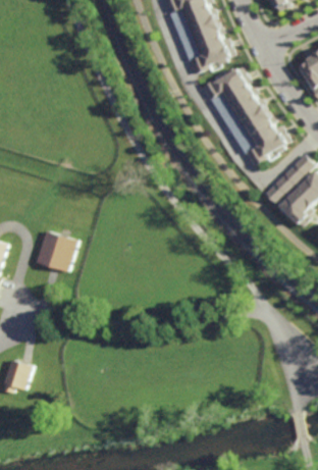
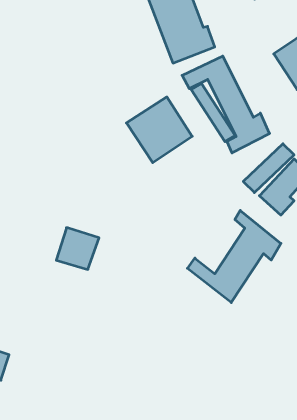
building: none -> [126,97,192,163]
building: none -> [187,210,281,303]
building: [32,230,74,272] -> [56,228,99,269]

